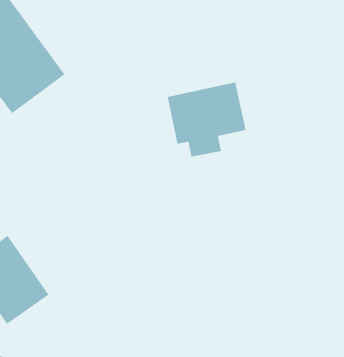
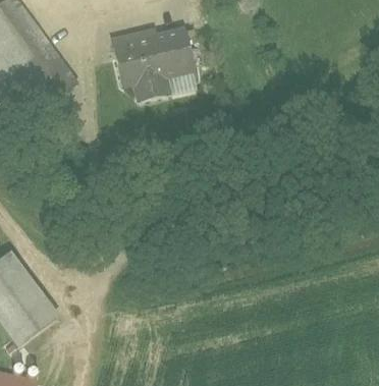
building: [167,82,247,157] -> [114,32,196,109]

